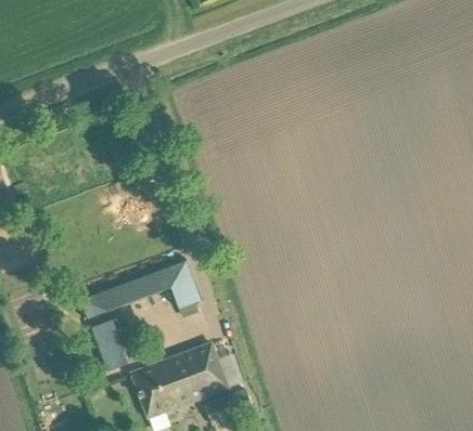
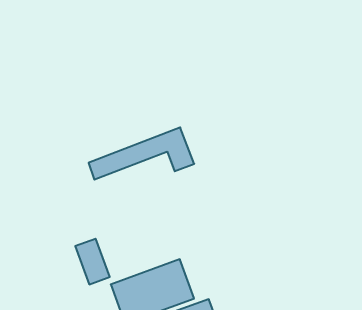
building: [79,259,202,319] -> [89,127,194,180]

